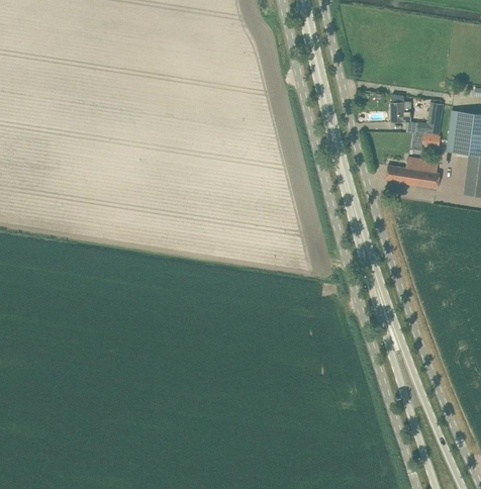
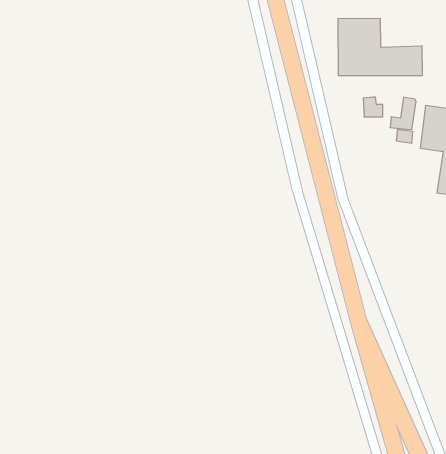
building: none -> [338,18,422,76]
building: [385,158,440,188] -> none

